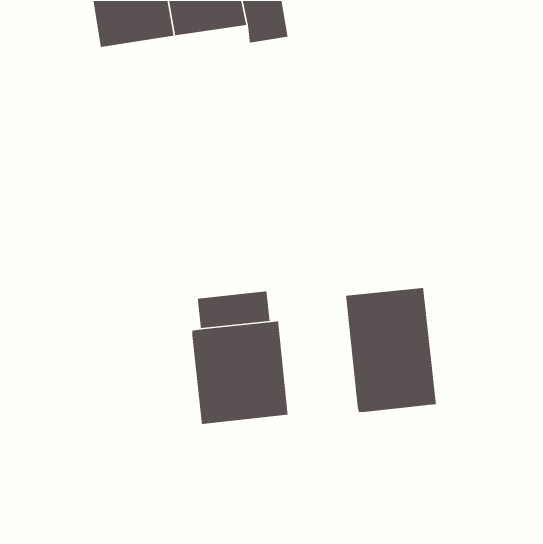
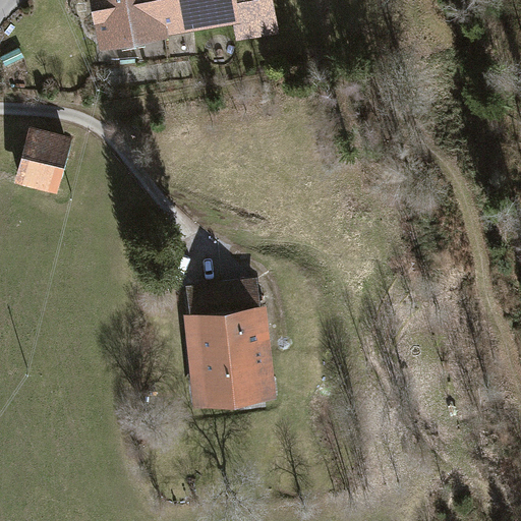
building: none -> [16,125,72,193]
building: [345,287,437,413] -> none

